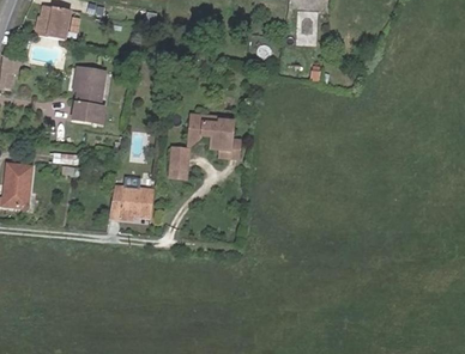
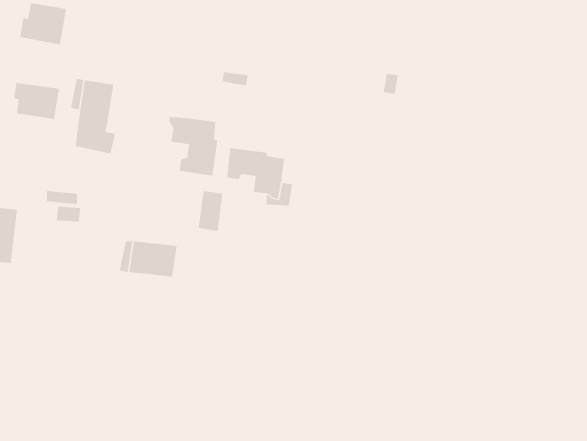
building: none -> [13,82,60,120]
building: none -> [169,116,218,176]

